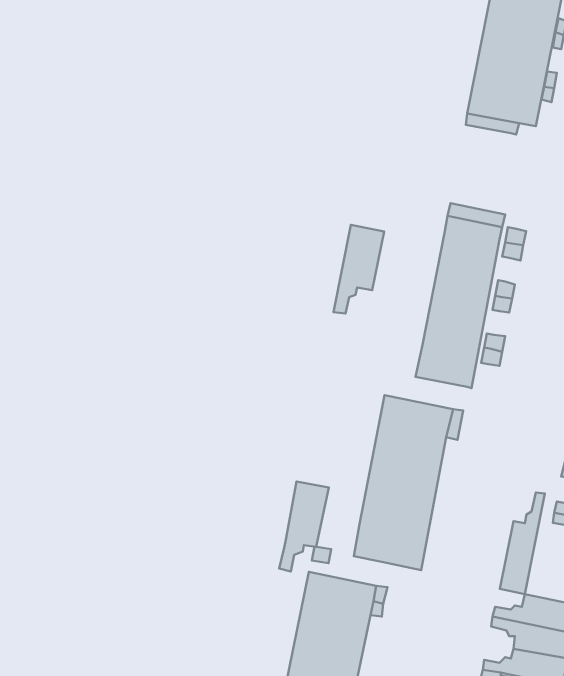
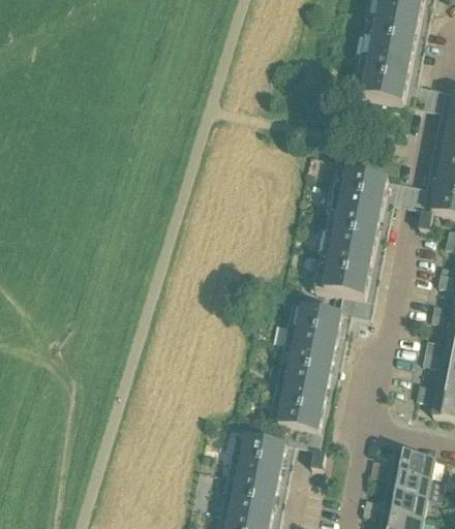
building: [333,225,384,314] -> none
building: [279,481,329,571] -> none
building: [500,493,545,594] -> none

